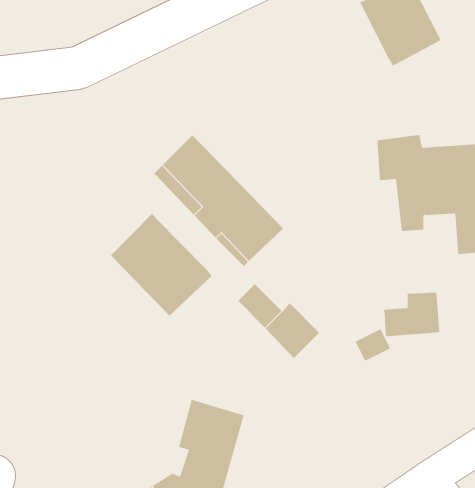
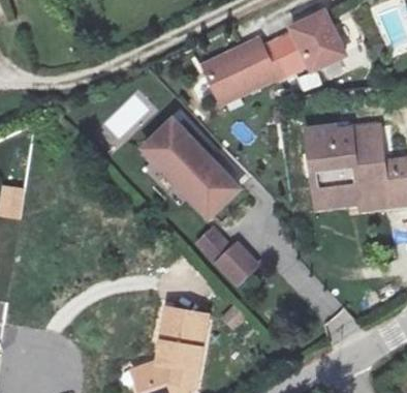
building: none -> [202,30,309,107]
building: [110,213,213,317] -> none
building: [384,292,440,337] -> [318,178,358,210]

